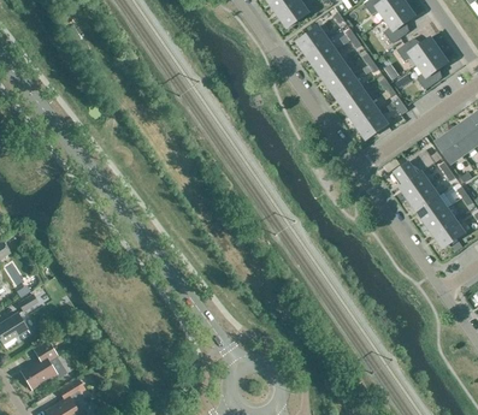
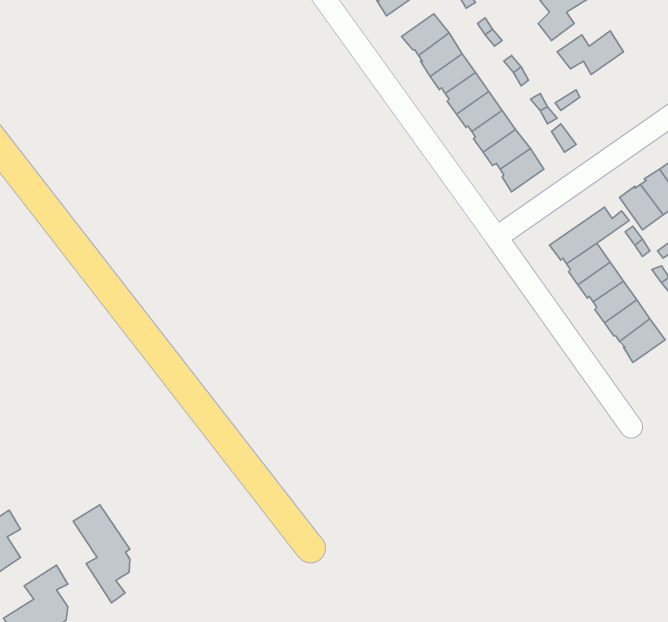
building: [417,51,448,90] -> none
building: none -> [73,505,130,603]

